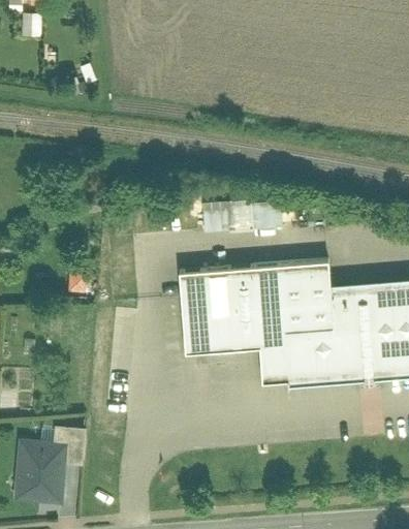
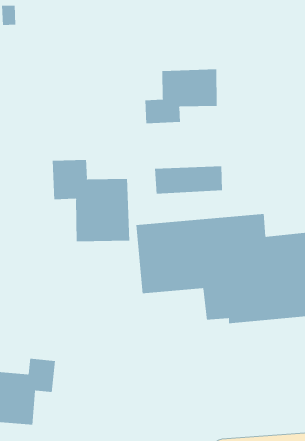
building: none -> [145,68,217,124]
building: none -> [52,159,130,242]

